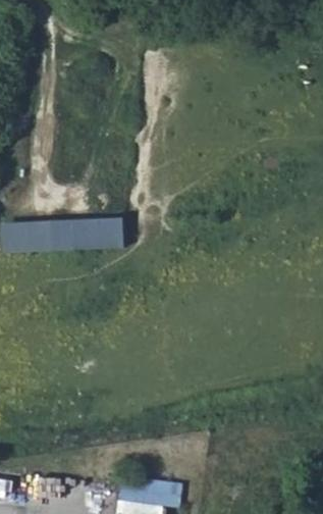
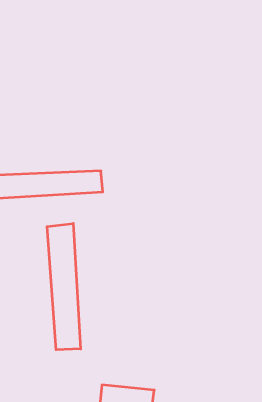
building: none -> [47,223,81,350]

